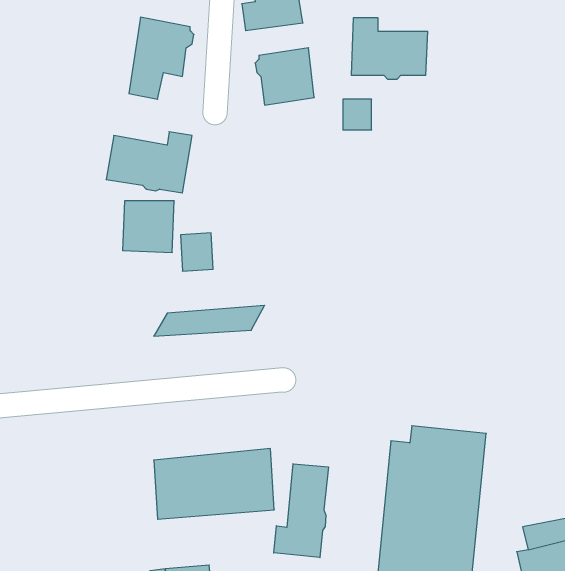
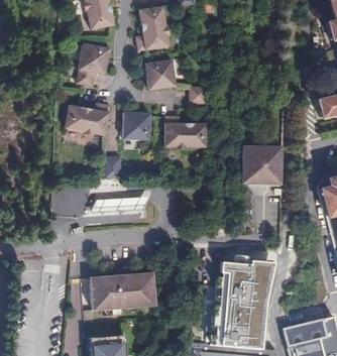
building: [351,18,428,79] -> [166,117,207,149]
building: [123,201,174,252] -> [125,114,152,141]
building: none -> [244,145,284,185]
building: [274,464,328,558] -> none

